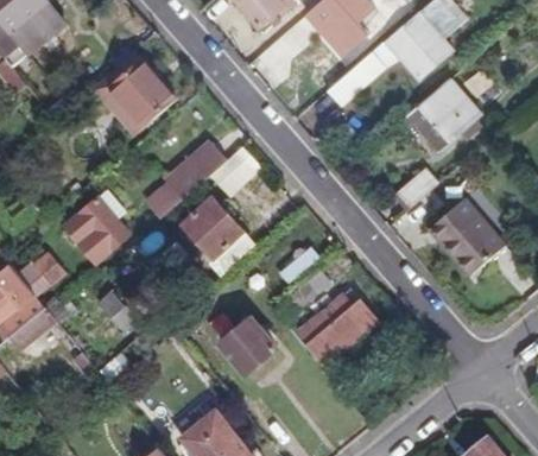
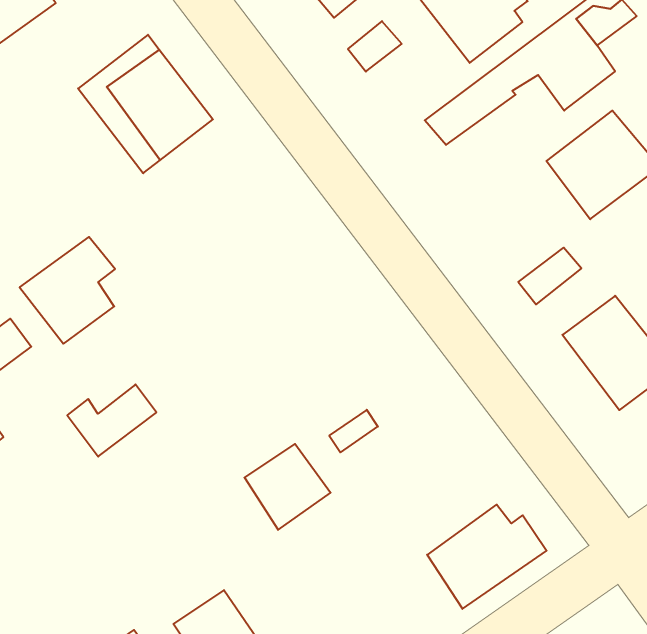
building: [166,140,227,197] -> none
building: [181,196,241,256] -> none
building: [297,292,376,363] -> [427,505,547,609]

